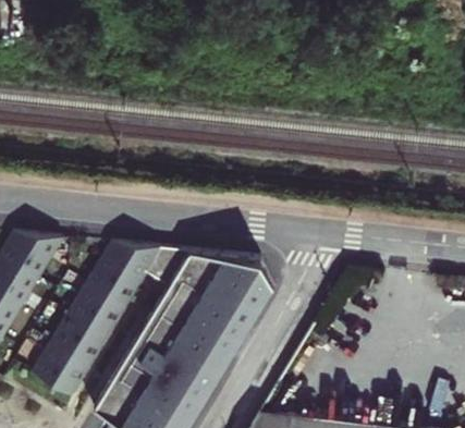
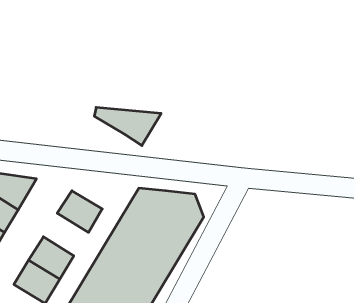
building: [105,245,188,293] -> [94,107,161,146]
building: [69,284,125,338] -> none

